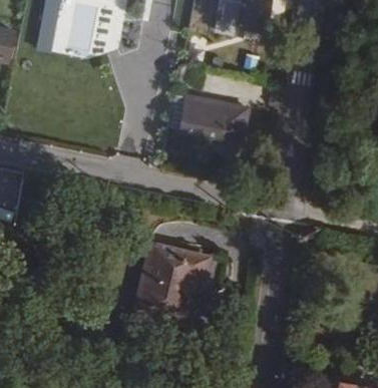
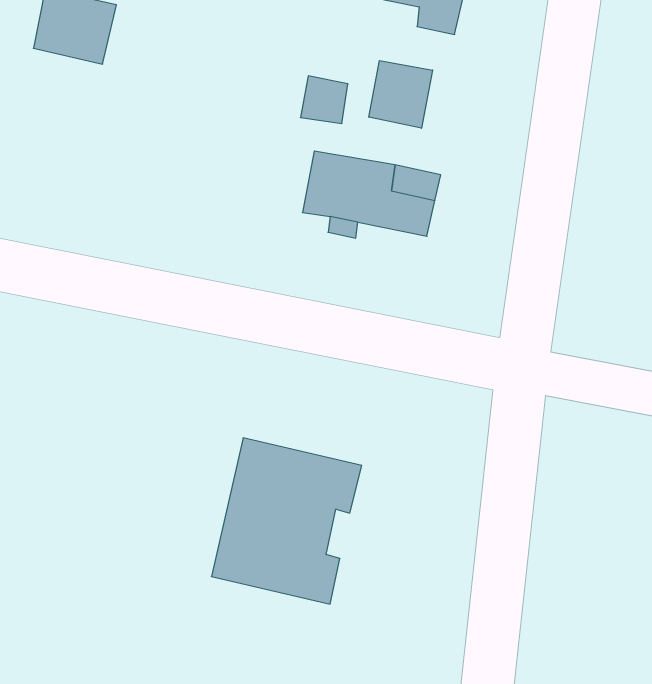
building: none -> [369,61,433,128]

